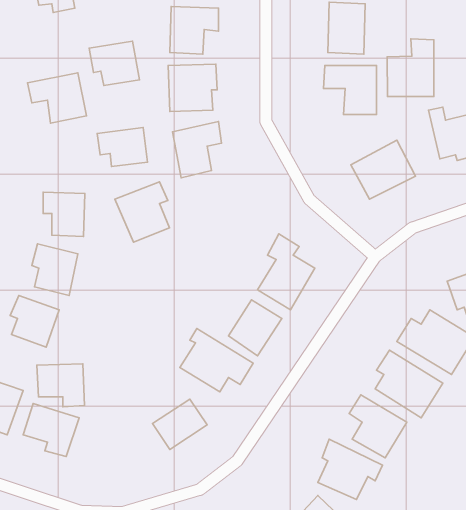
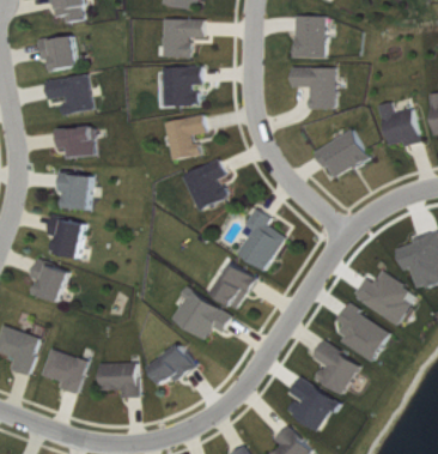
building: [387,39,434,97] -> none
building: [89,41,140,86] -> [37,34,79,71]
building: [97,128,147,166] -> [54,126,96,158]
building: [115,182,169,242] -> [182,159,227,210]
building: [37,364,84,407] -> [98,362,138,398]

